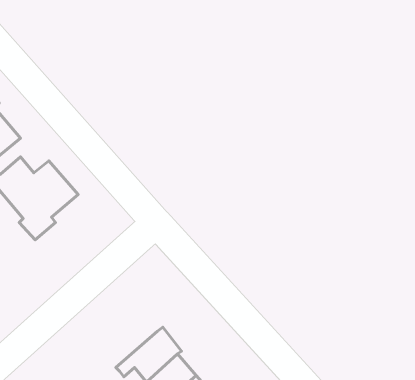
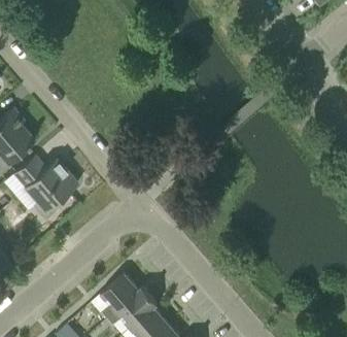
building: none -> [100,273,138,317]

